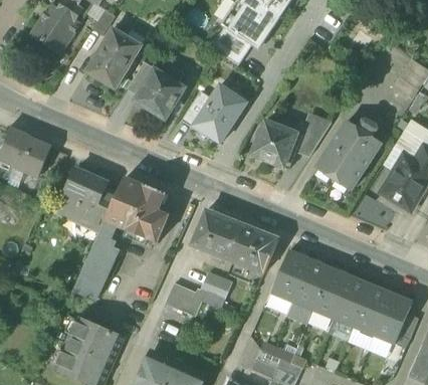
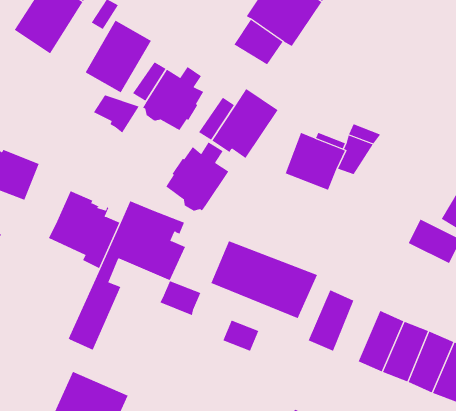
building: none -> [93,95,139,133]
building: [316,118,382,192] -> none
building: none -> [166,141,229,212]
building: [292,258,331,309] -> none
building: [167,281,201,311] -> [160,281,201,316]

